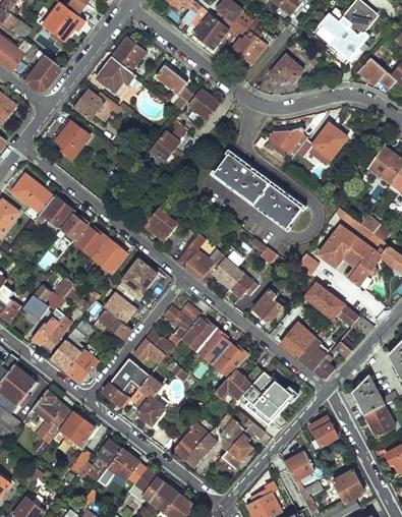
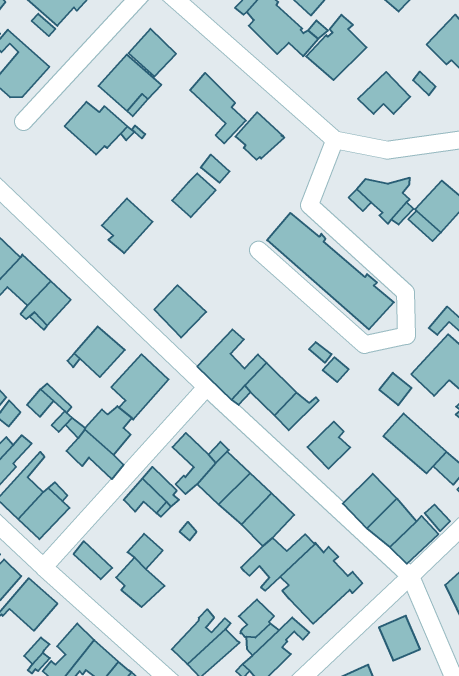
building: [56,121,90,158] -> [102,198,153,253]
building: [74,224,105,256] -> none
building: [109,368,149,399] -> none

